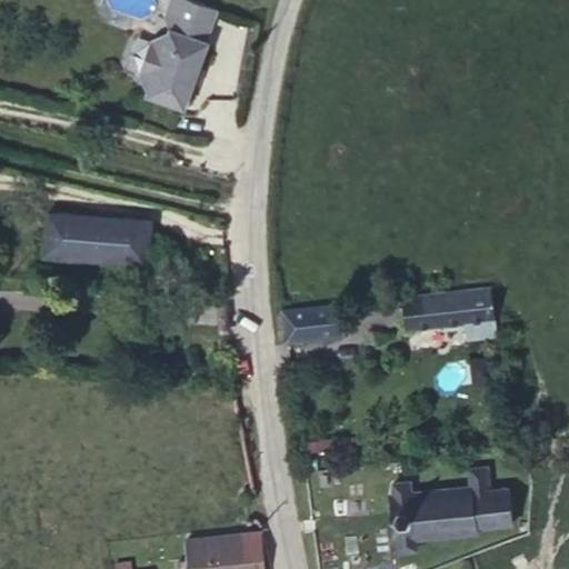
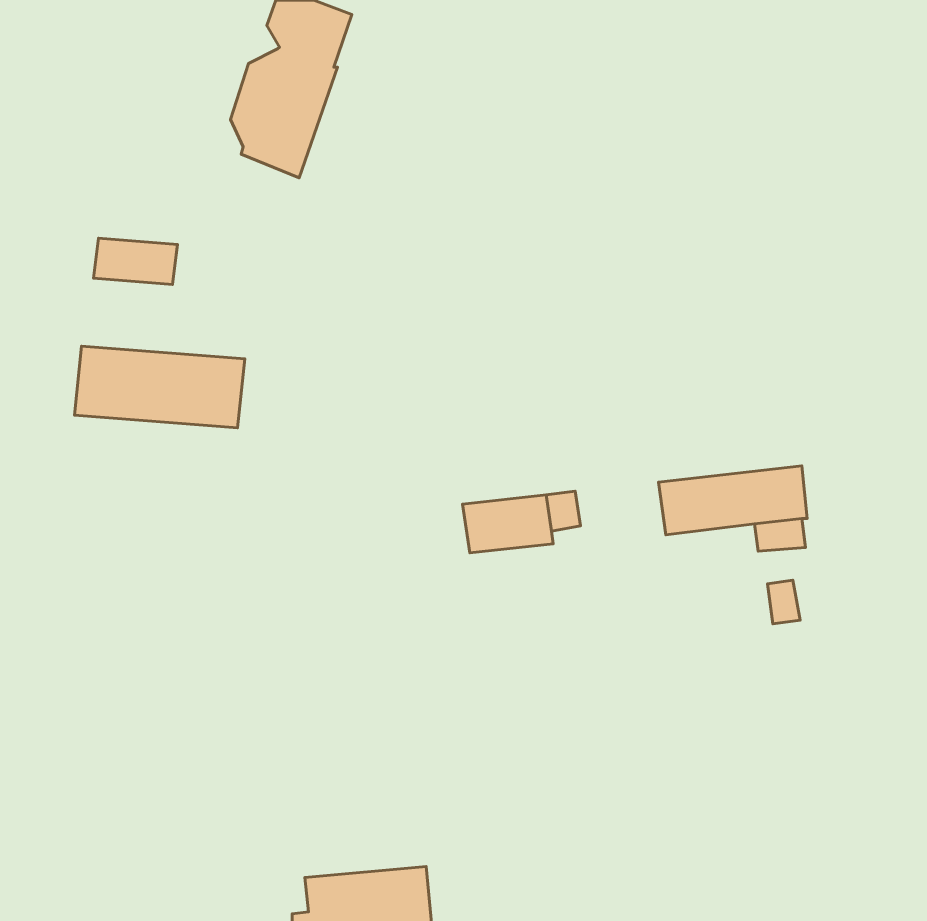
building: none -> [93,238,177,284]
building: [390,466,515,551] -> none

